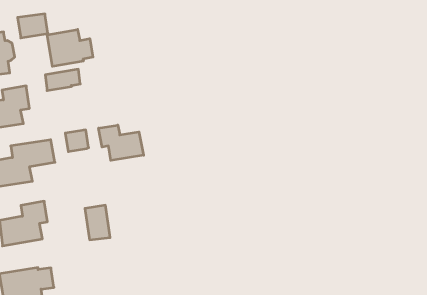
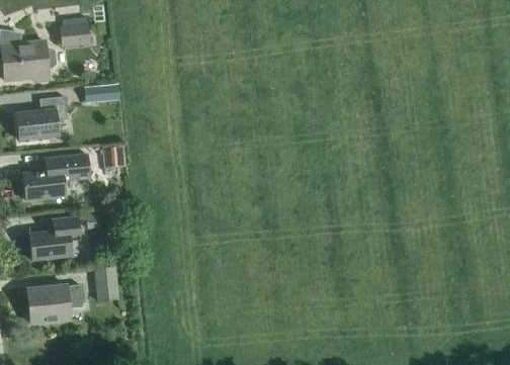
building: [47,29,93,66] -> none
building: [99,125,144,160] -> none
building: [85,205,110,240] -> [94,266,118,300]

